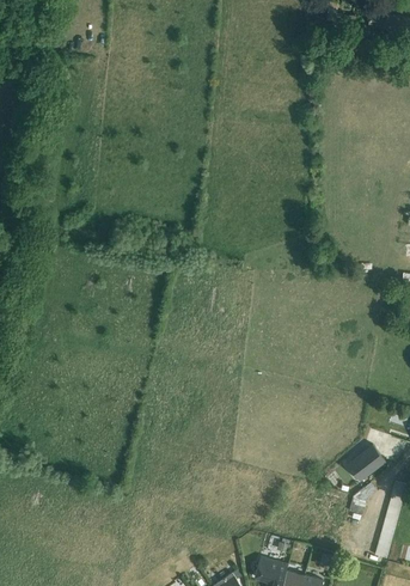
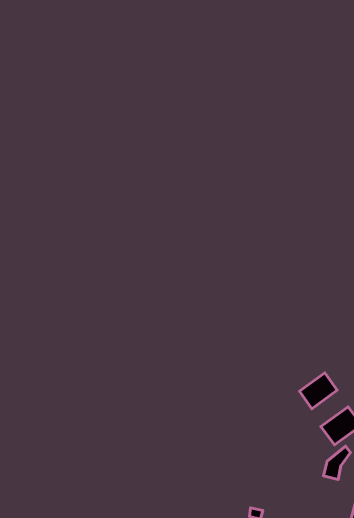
building: none -> [299,373,337,409]

